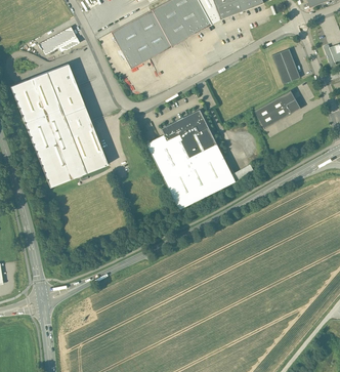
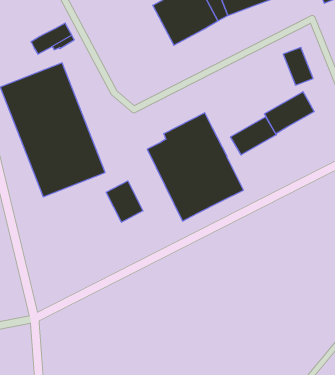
building: [111,9,171,68] -> none
building: none -> [231,117,276,155]
building: none -> [106,181,143,222]

